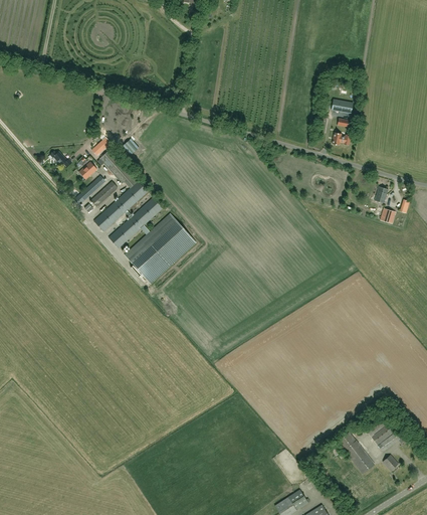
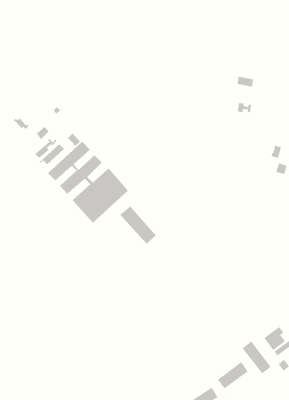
building: none -> [119,205,157,245]
building: none -> [217,361,249,389]

